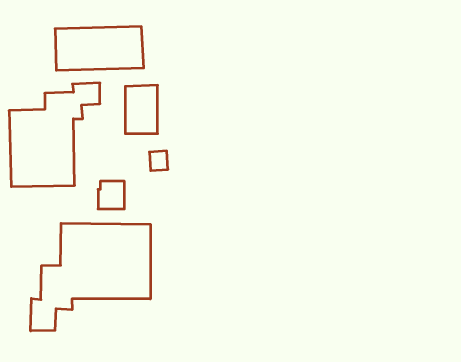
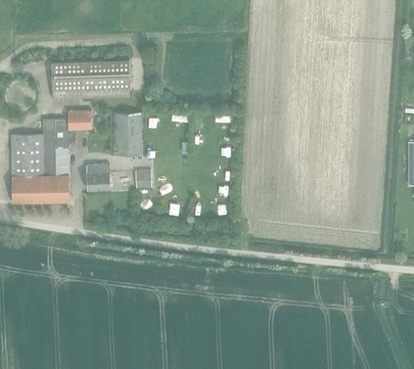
building: [98,181,124,209] -> [87,165,110,189]
building: [31,223,150,331] -> none

